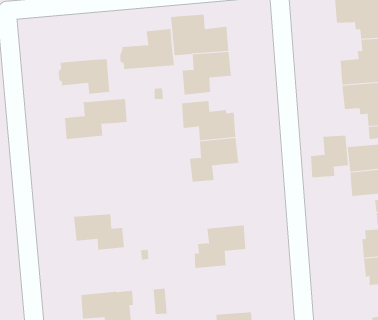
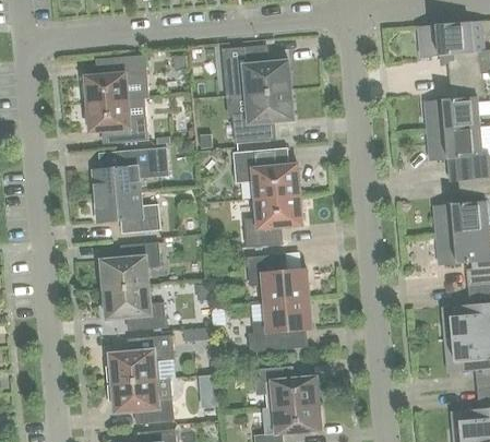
building: [120,29,175,69] -> [82,55,148,104]
building: [311,135,349,178] -> none
building: none -> [94,192,159,232]
building: none -> [100,242,159,289]
building: none -> [246,254,309,303]
building: none -> [108,335,172,383]
building: none -> [253,367,318,407]

